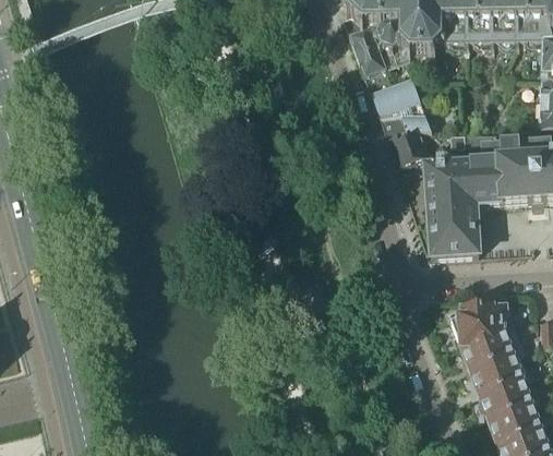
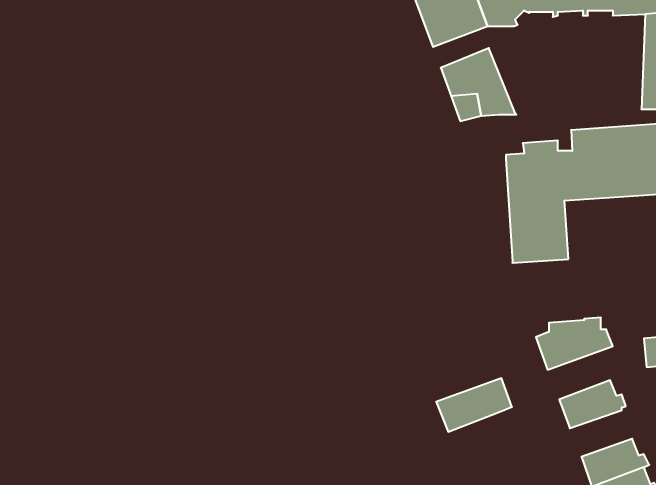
building: [387,129,429,163] -> none
building: [460,323,524,368] -> [436,378,512,432]
building: [479,376,536,416] -> none

